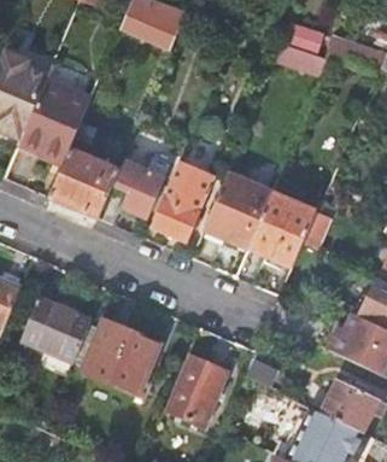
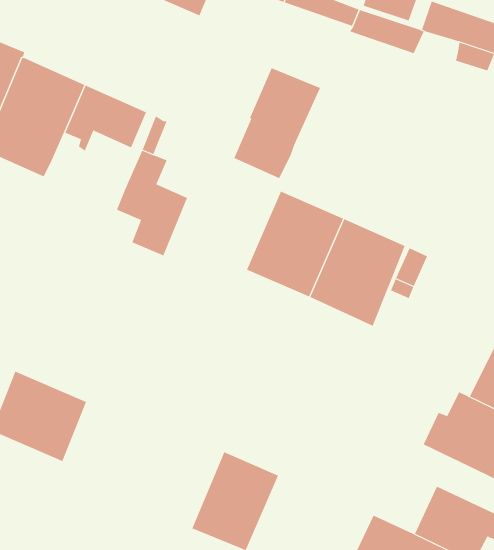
building: [47,150,118,217] -> none
building: [151,162,212,240] -> [233,67,321,179]
building: [83,320,158,394] -> none

